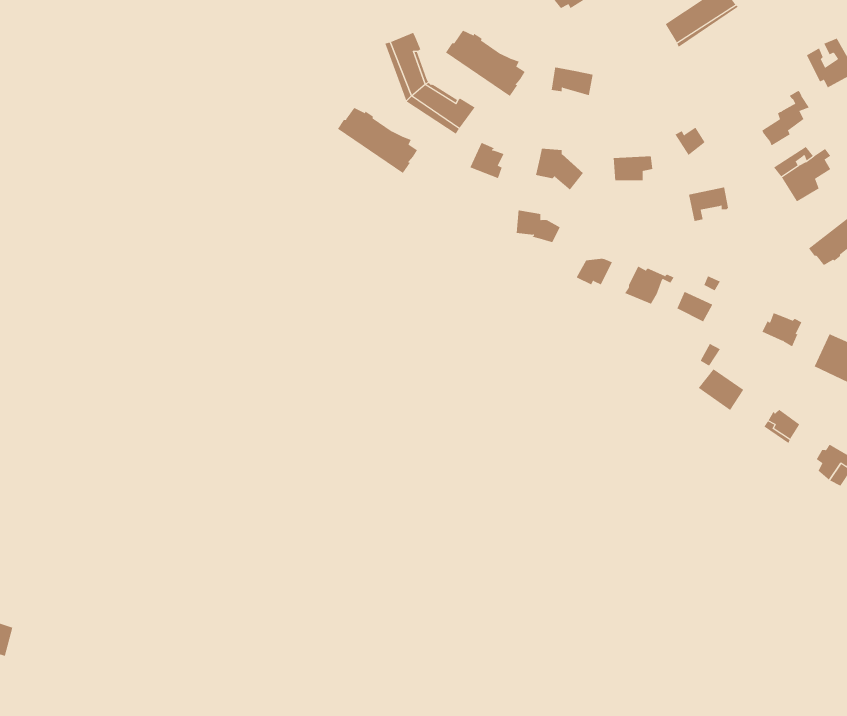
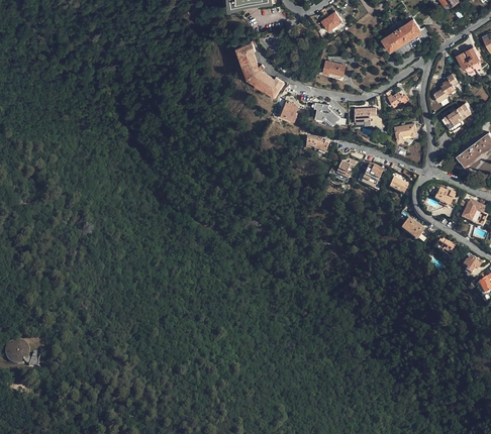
building: [445,30,525,97] -> none
building: [337,107,418,174] -> none

